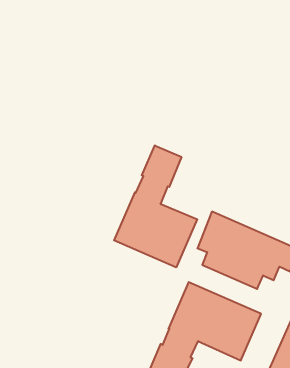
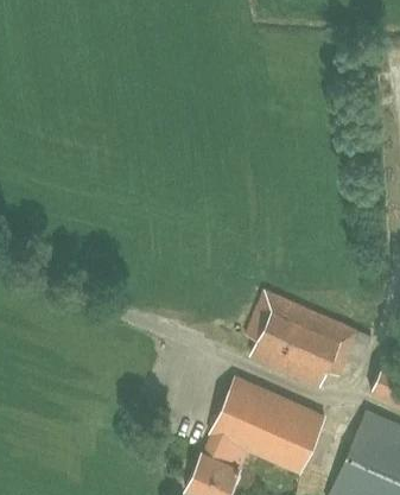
building: [114,145,197,267] -> none

